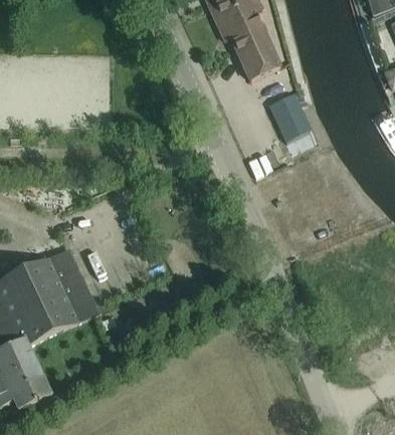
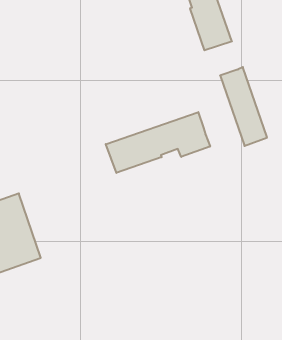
building: none -> [106,112,210,173]

